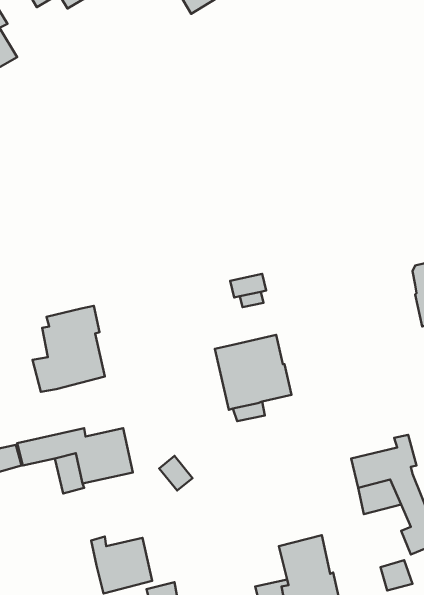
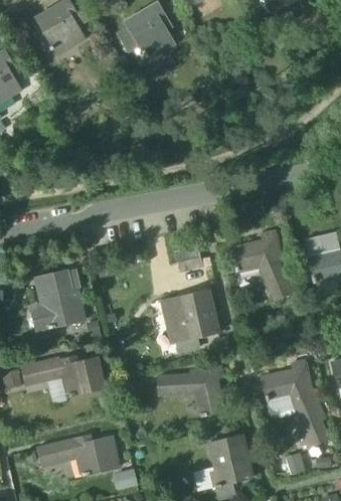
building: none -> [224,230,292,300]
building: none -> [157,364,224,415]
building: none -> [37,438,78,465]

